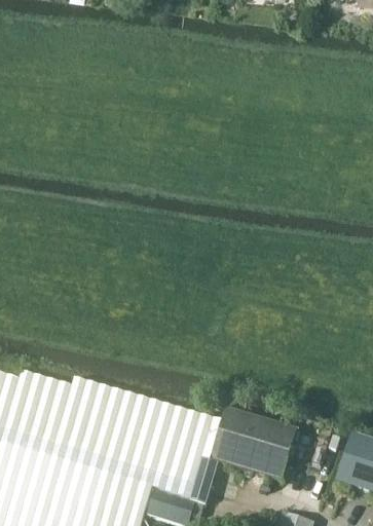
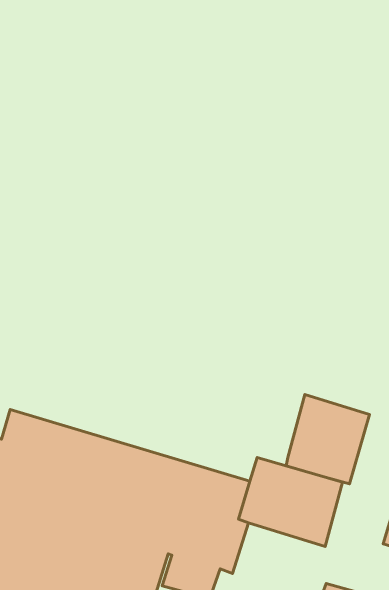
building: none -> [286,395,369,484]

